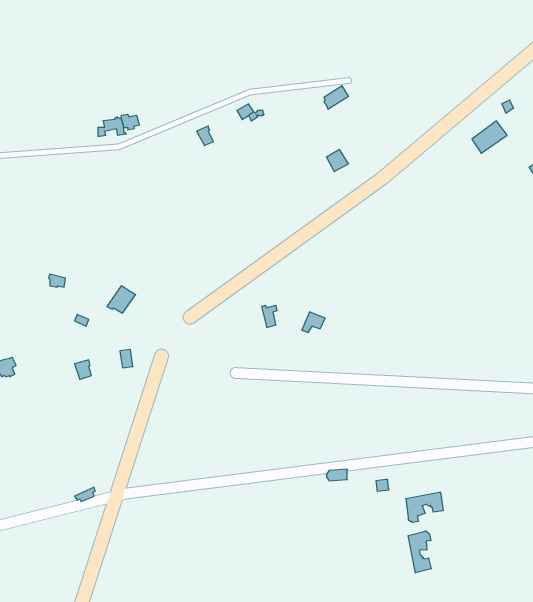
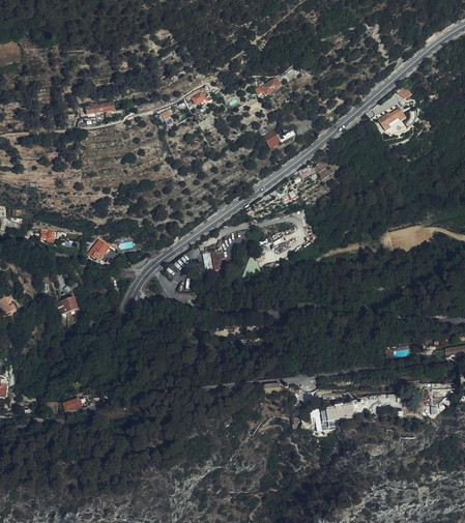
building: [408,531,431,573] -> none

